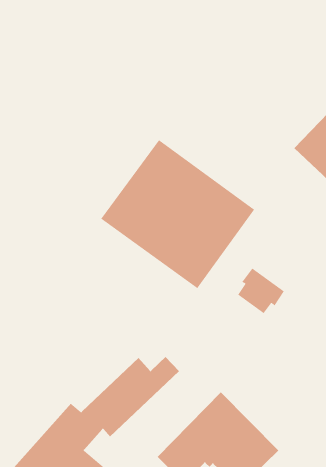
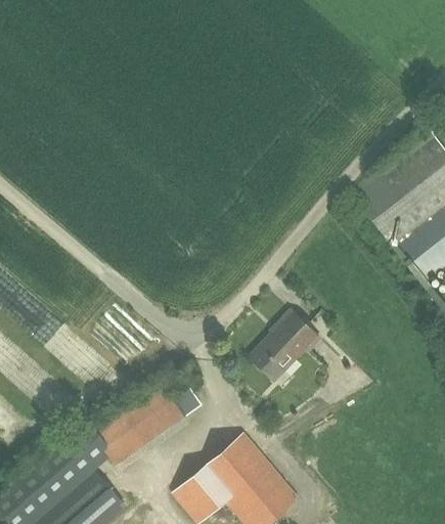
building: [100,139,255,289] -> none
building: none -> [253,335,300,381]

